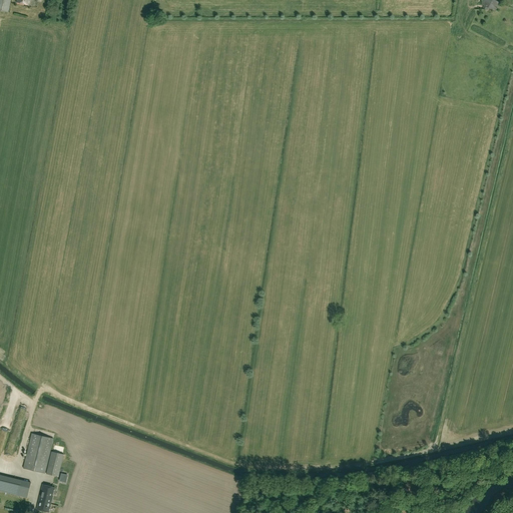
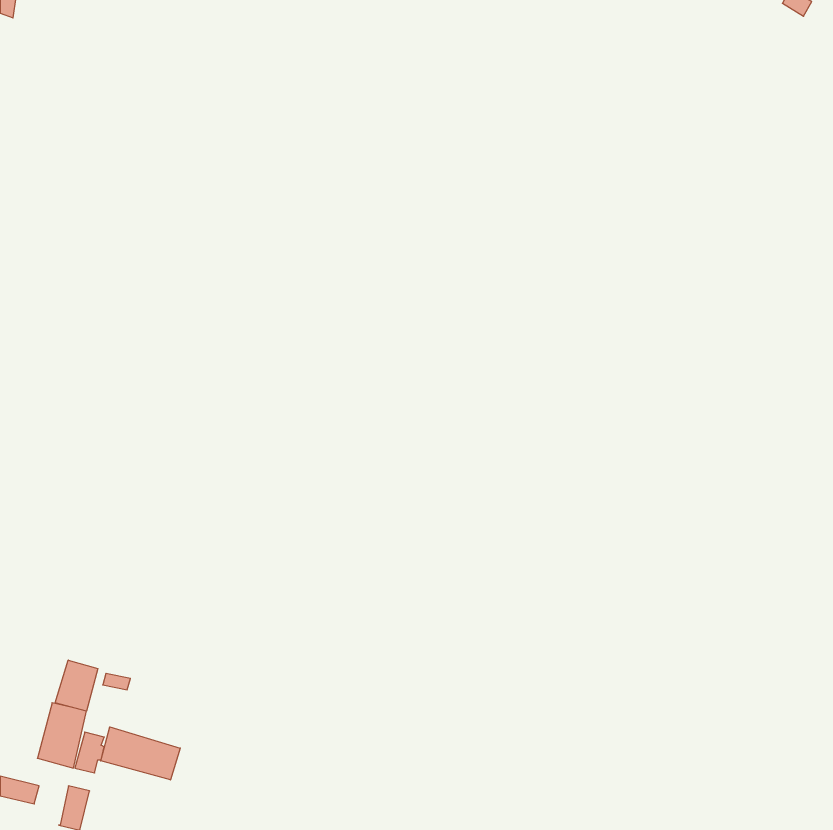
building: none -> [55,660,98,711]
building: none -> [101,727,180,780]

